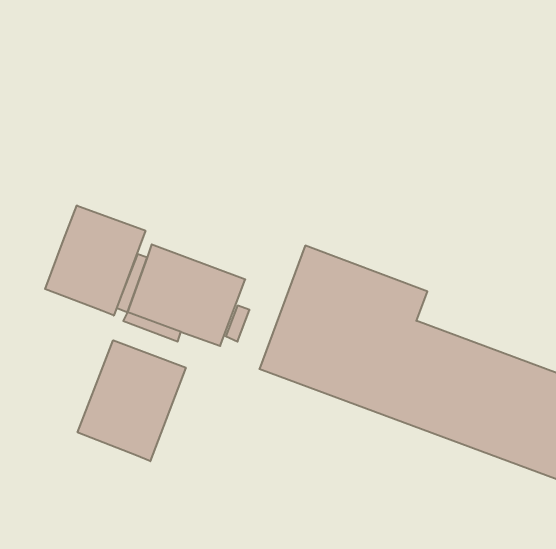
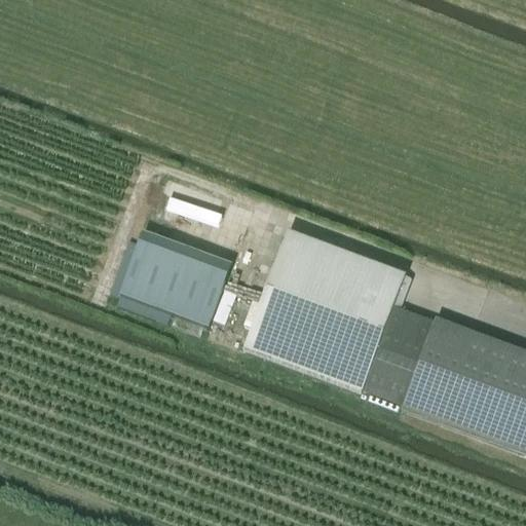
building: [45,205,145,316] -> none
building: [78,340,186,461] -> none

